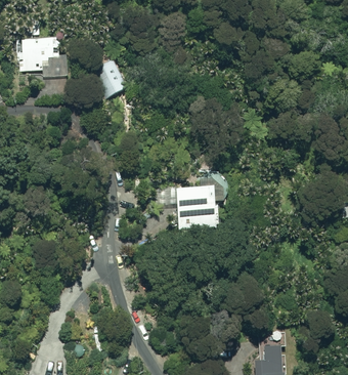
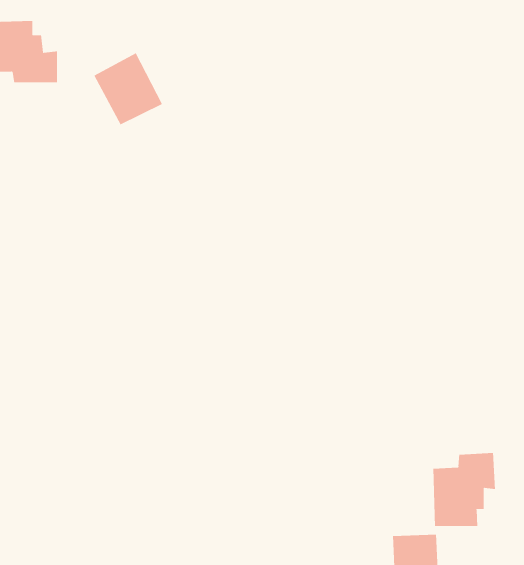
building: [176,188,215,230] -> none
building: none -> [433,452,496,527]

